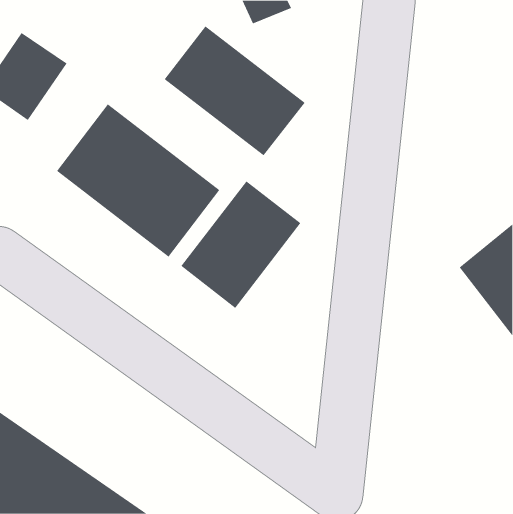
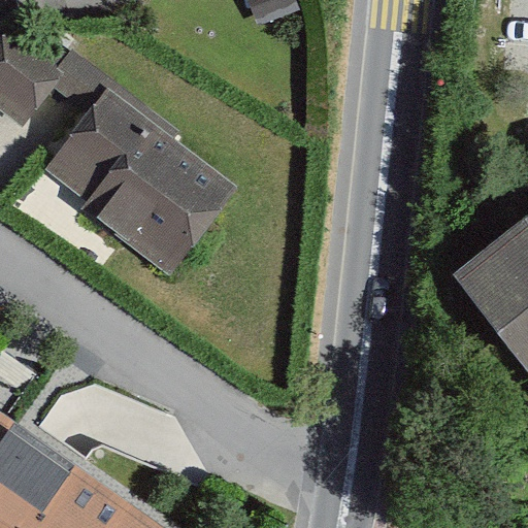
building: [164,26,305,156] -> none
building: [181,181,301,309] -> none

